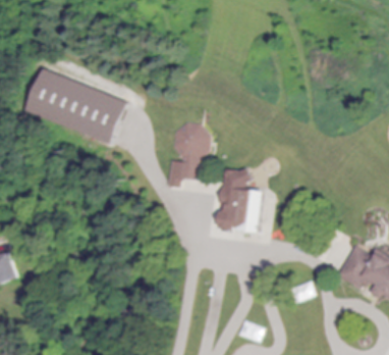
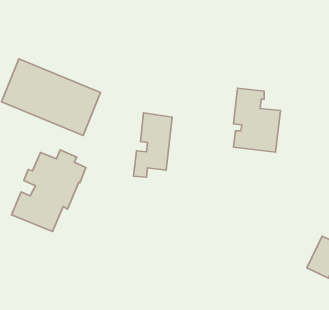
building: none -> [12,150,86,232]
building: [217,168,264,233] -> [234,88,281,152]

